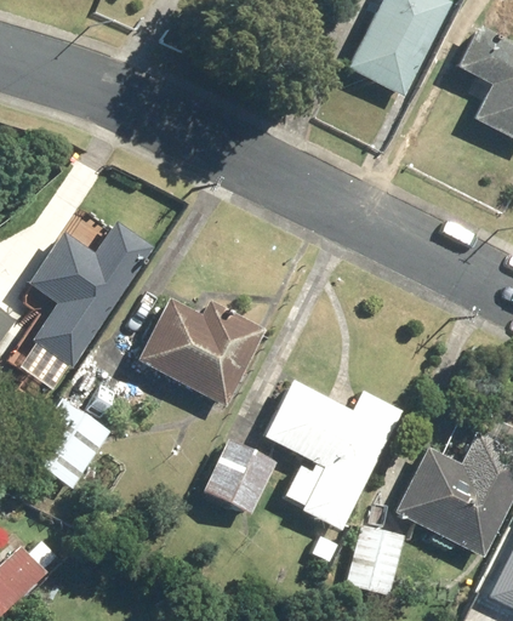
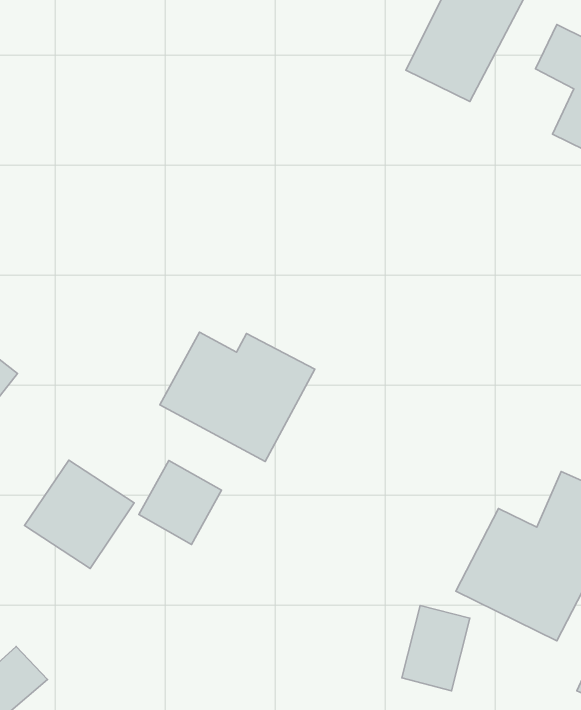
building: [25,224,149,369] -> none
building: [273,386,391,528] -> none
building: [204,441,274,513] -> [139,460,221,544]

